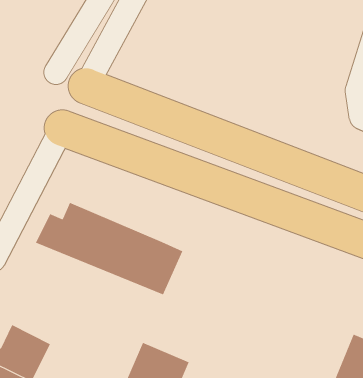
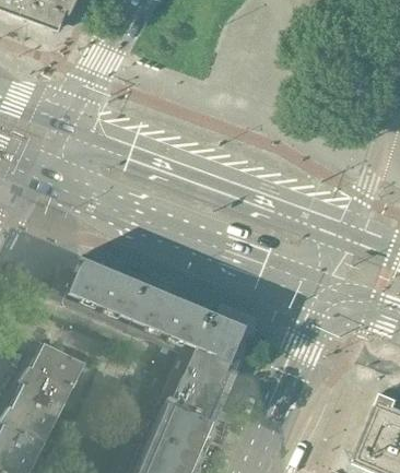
building: none -> [162,307,251,423]
building: none -> [21,344,86,404]

